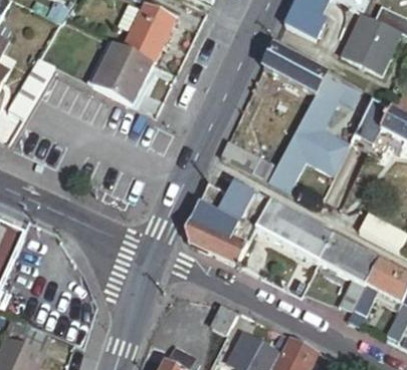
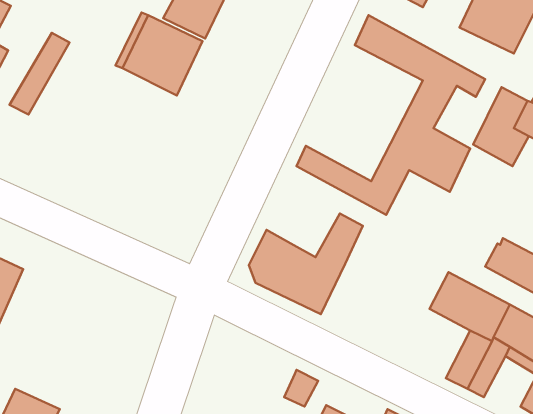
building: [217,181,253,224] -> none
building: [257,201,334,263] -> none

